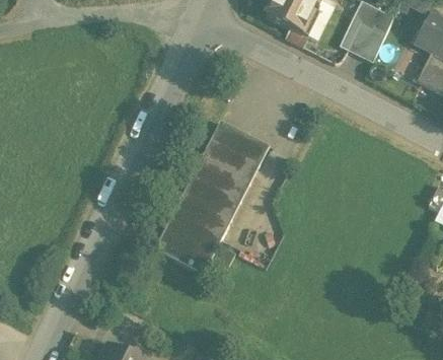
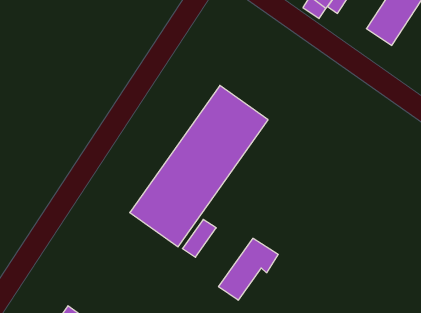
building: none -> [219,238,278,300]

